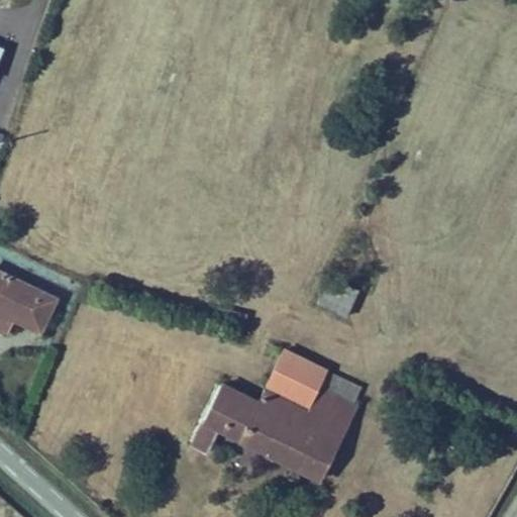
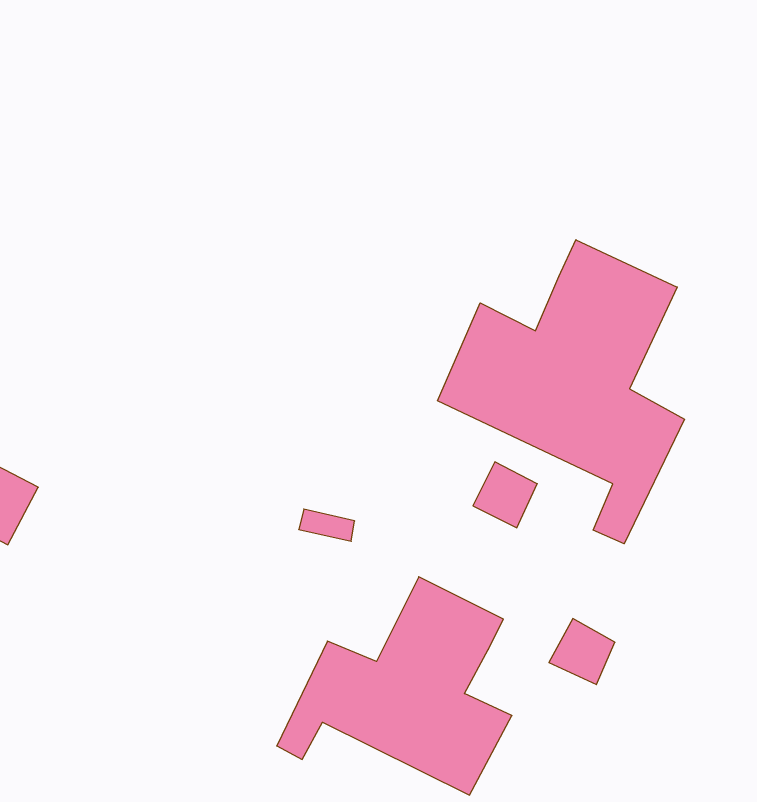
building: none -> [437,240,684,544]
building: [311,394,350,433] -> [549,619,615,685]

